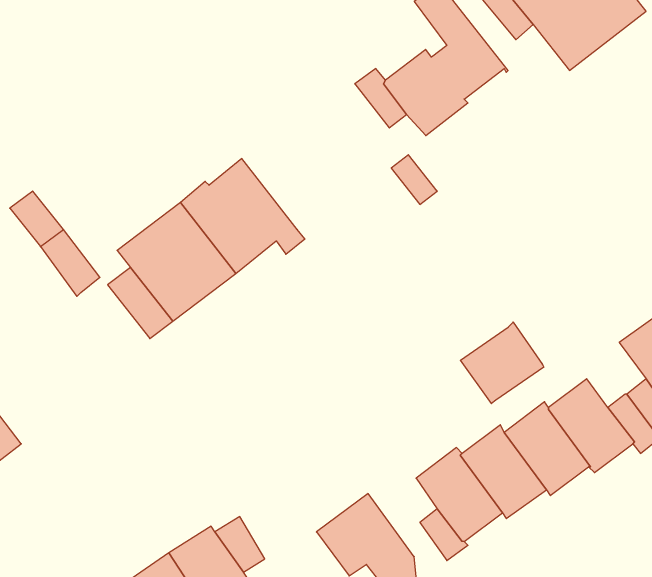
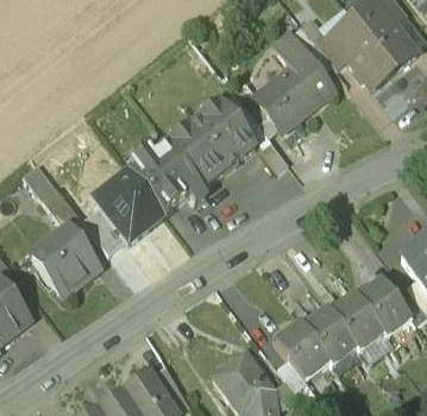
building: none -> [165,99,256,185]
building: none -> [36,231,99,294]
building: [460,322,544,404] -> none

